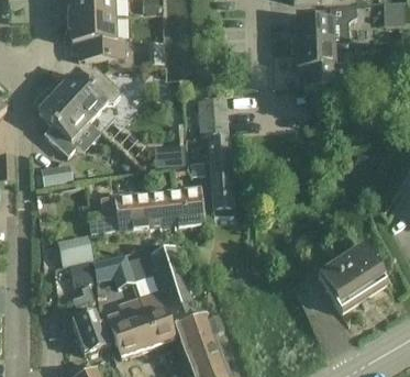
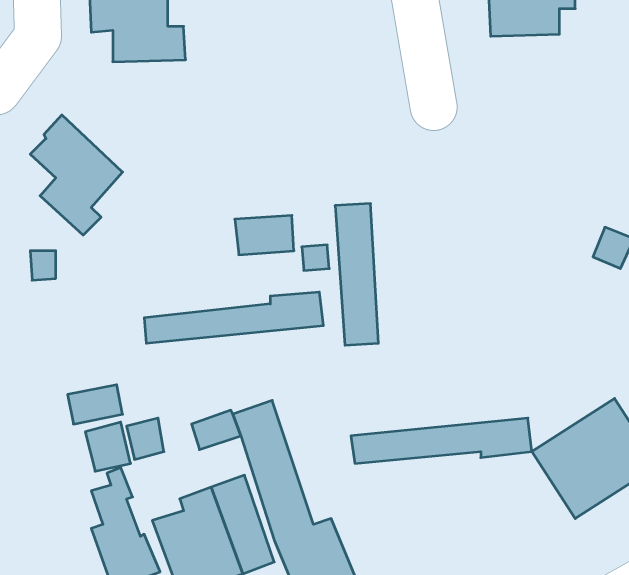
building: [295,43,348,80] -> none
building: [55,70,119,120] -> none
building: [198,98,228,133] -> none
building: [102,206,203,231] -> [351,418,532,463]

